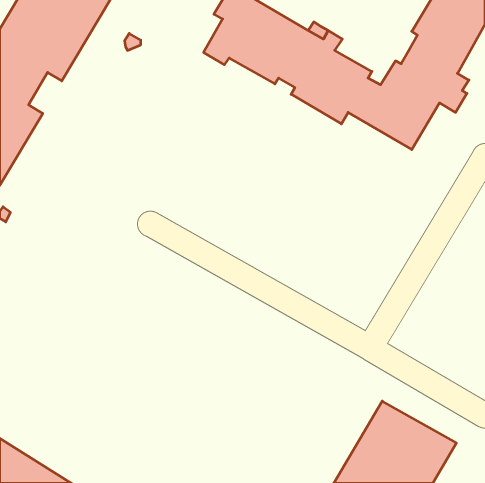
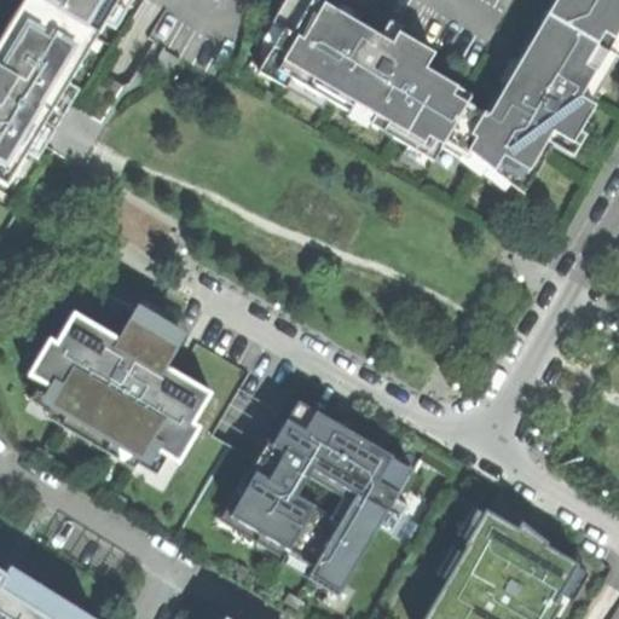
building: none -> [29,305,208,469]
building: none -> [225,399,412,588]

